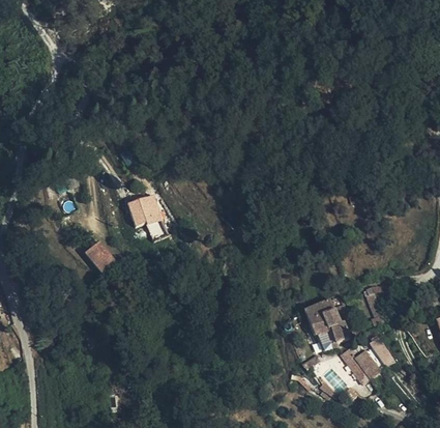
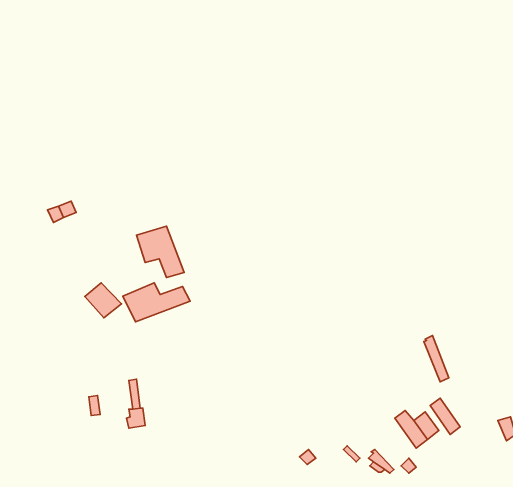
building: none -> [123,283,190,322]
building: [303,297,350,350] -> none

